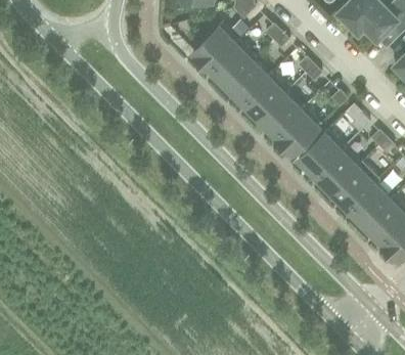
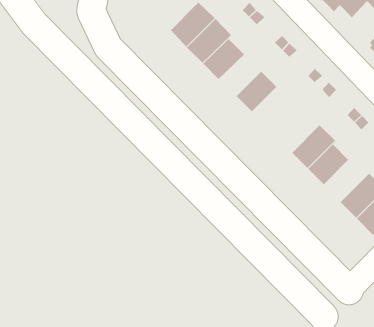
building: [241,75,287,120] -> none
building: [275,107,321,153] -> none
building: [298,131,344,177] -> none
building: [348,184,390,226] -> none

